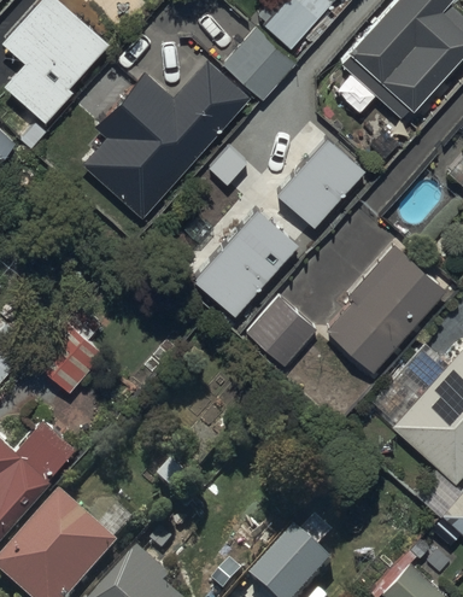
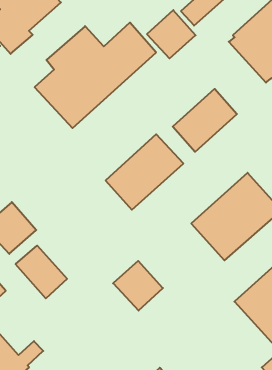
building: [248,297,318,365] -> [113,261,163,311]
building: none -> [16,246,67,298]

